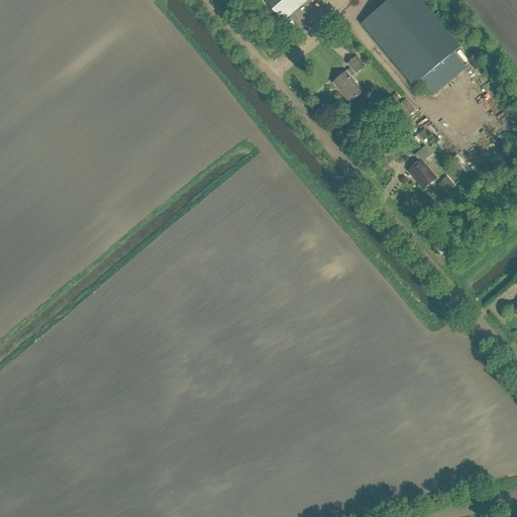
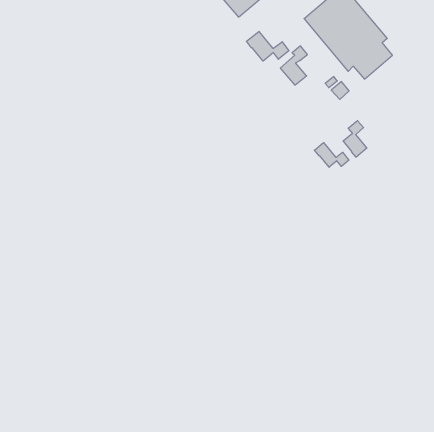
building: none -> [246,31,289,61]
building: none -> [314,143,349,167]

